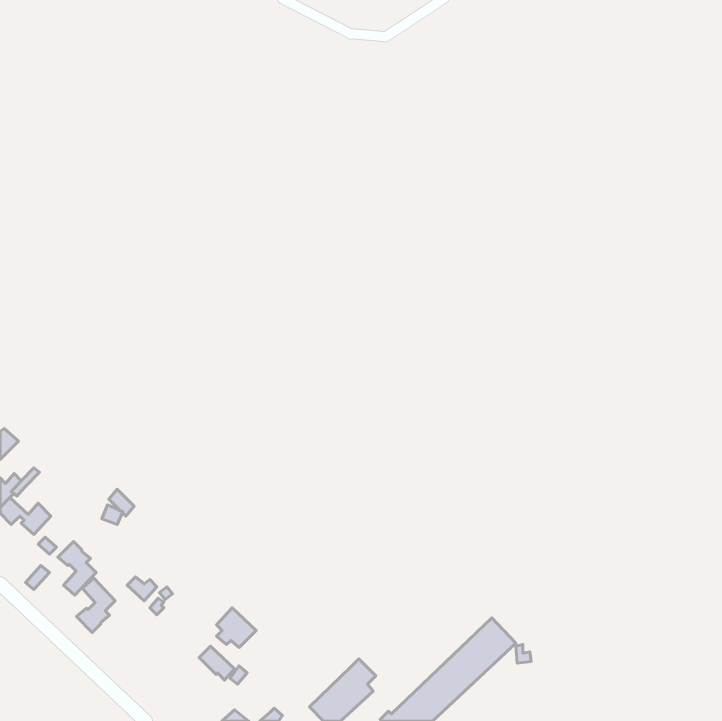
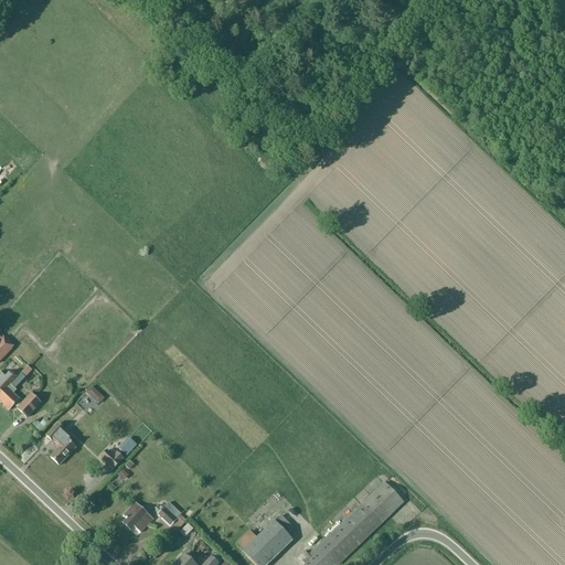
building: [77,578,115,632] -> none
building: [217,608,256,647] -> [122,501,153,532]

